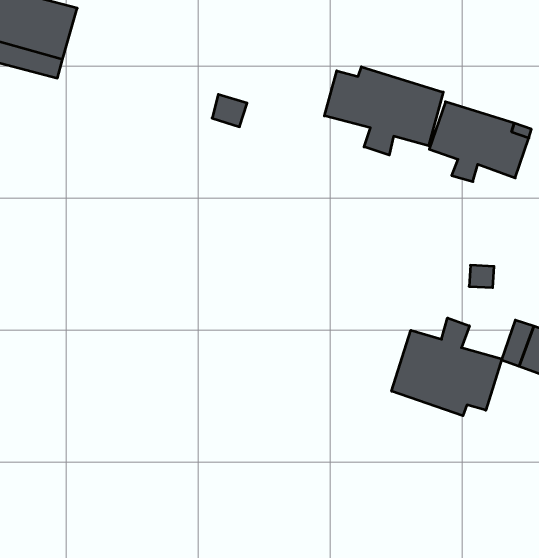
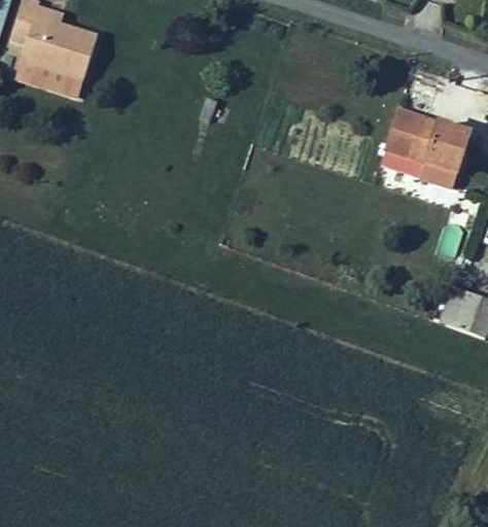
building: [324,67,443,155] -> none
building: [392,318,502,416] -> none

